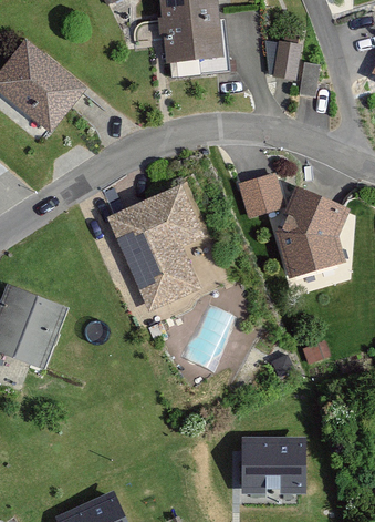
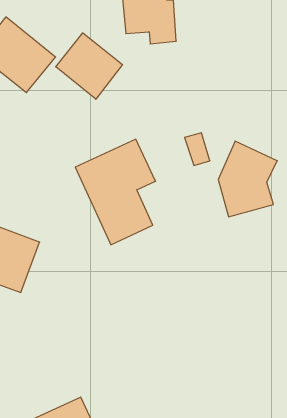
building: [267,39,300,73] -> none
building: none -> [56,33,122,99]
building: [240,439,304,492] -> none

